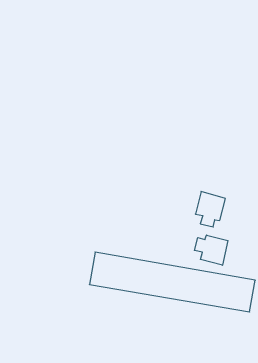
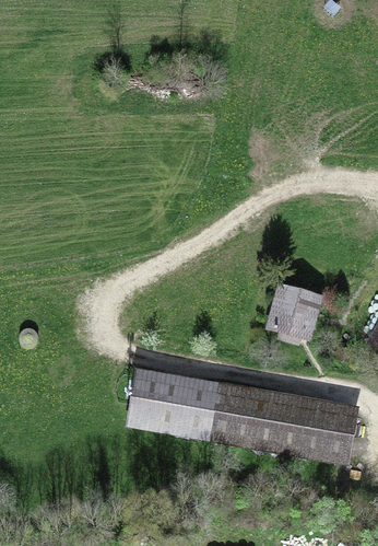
building: [194,235,228,265] -> none

